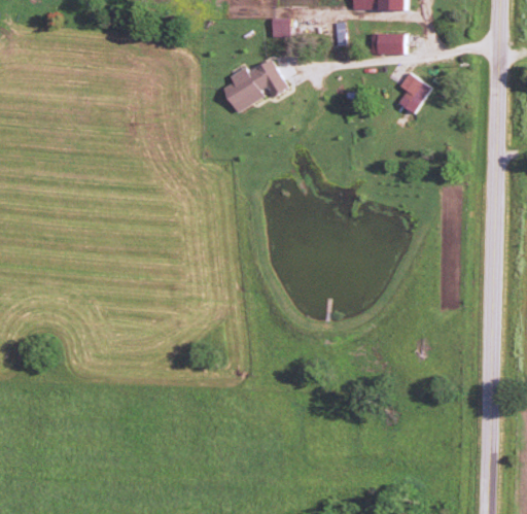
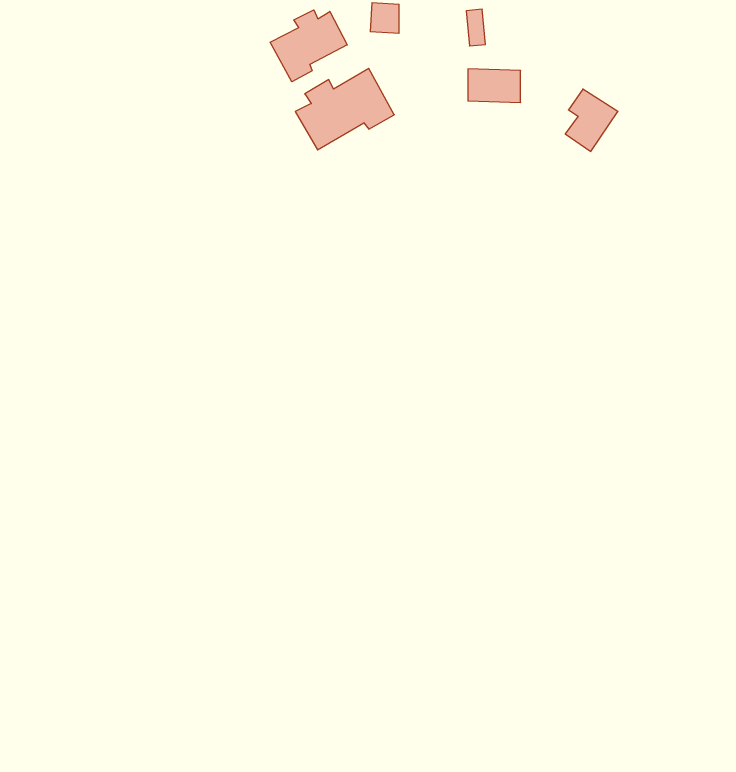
building: none -> [270,10,347,82]
building: [371,33,405,55] -> [468,69,521,103]

